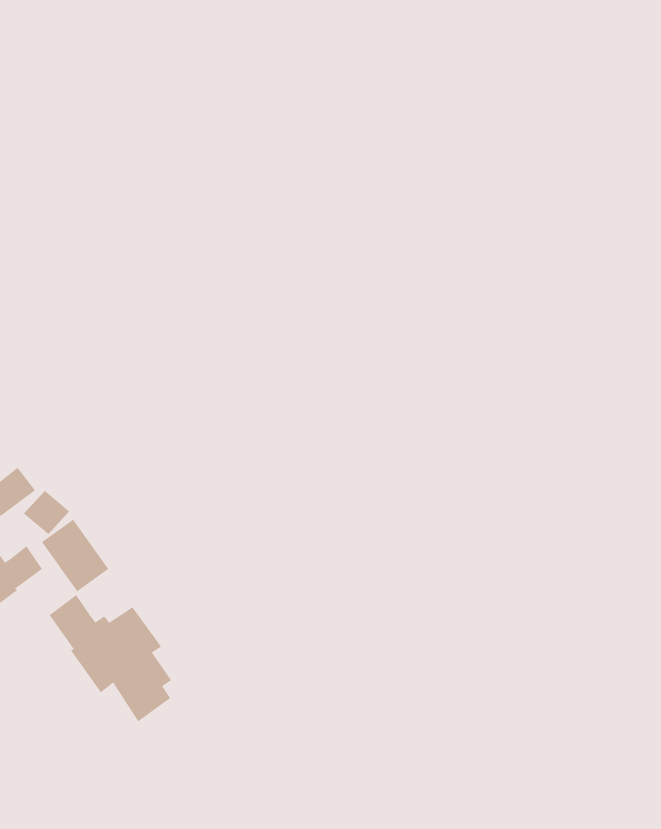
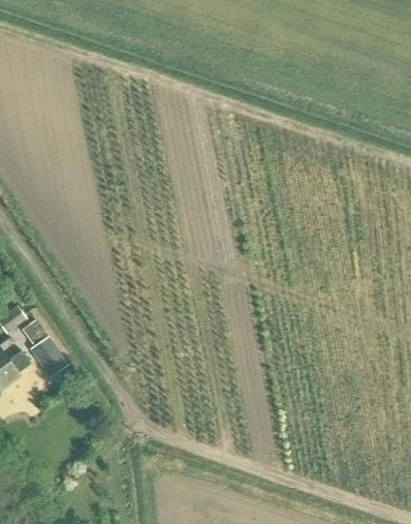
building: [49,594,172,722] -> none

